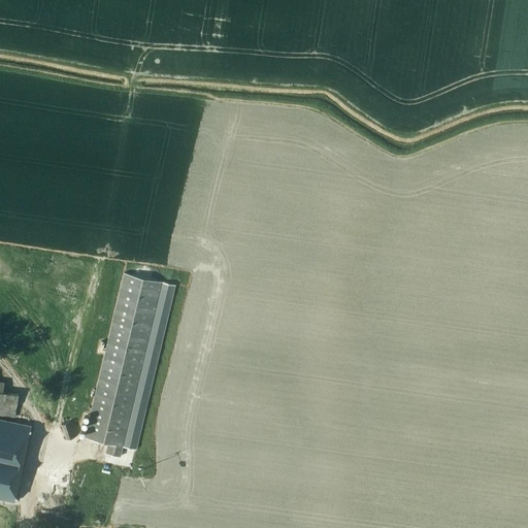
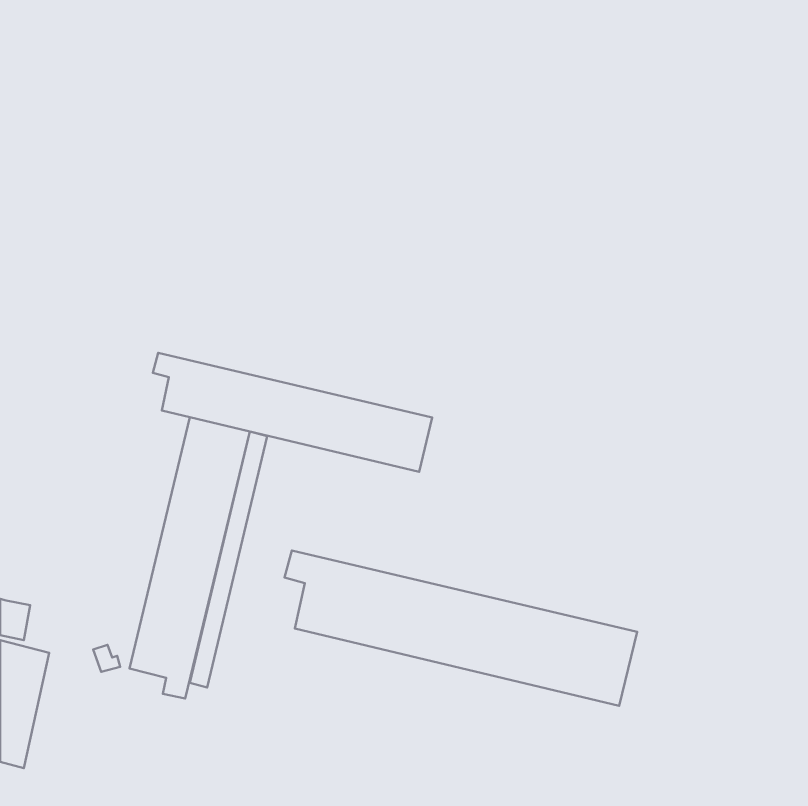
building: none -> [153,353,432,472]
building: none -> [285,551,637,706]

